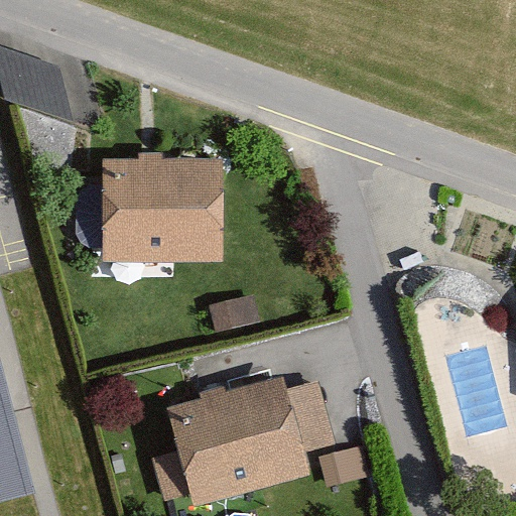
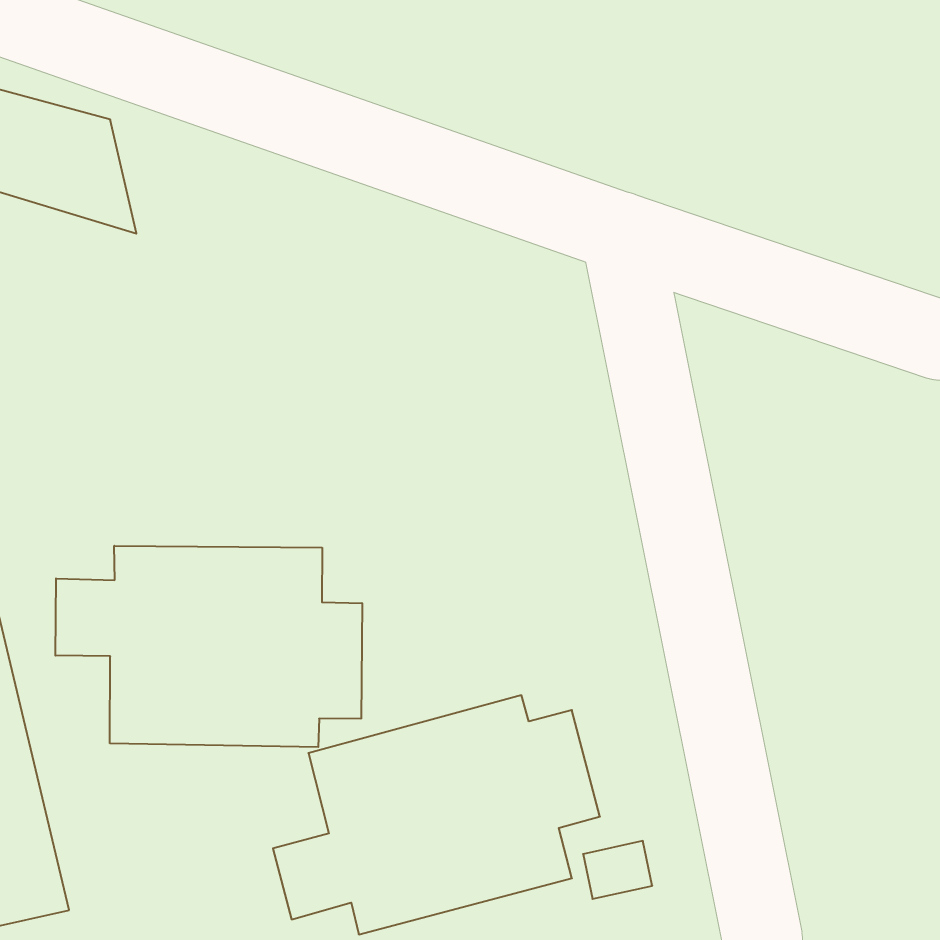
building: [102,159,219,256] -> none
building: none -> [55,546,362,747]

